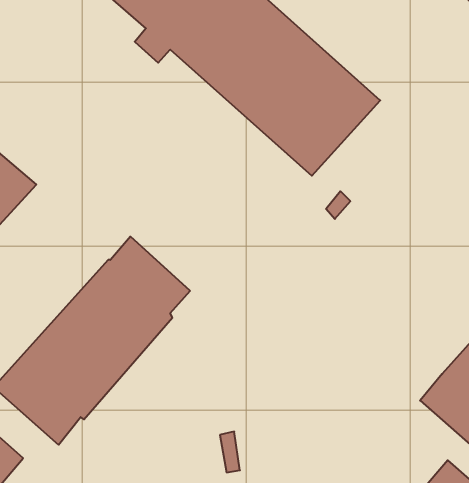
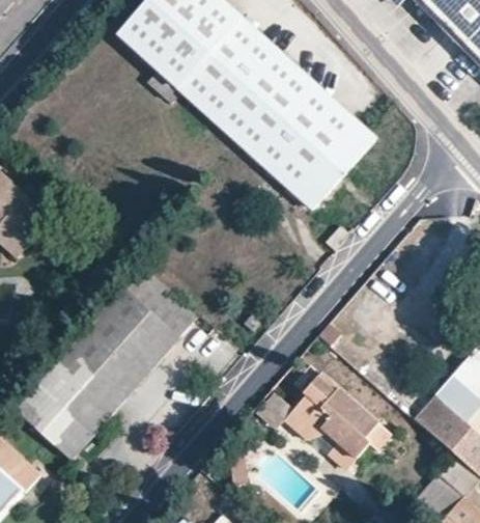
building: none -> [284,365,390,468]

